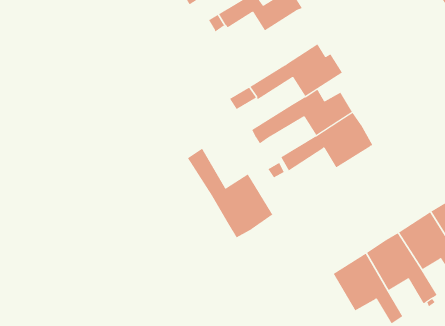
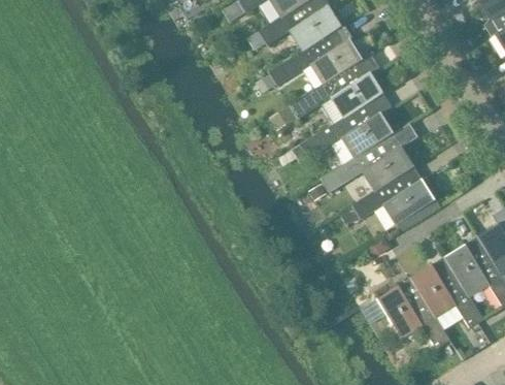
building: none -> [269,28,365,87]
building: none -> [351,167,438,223]
building: [187,148,273,238] -> none

